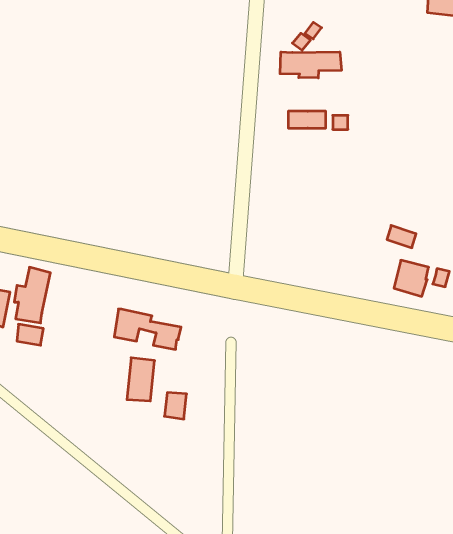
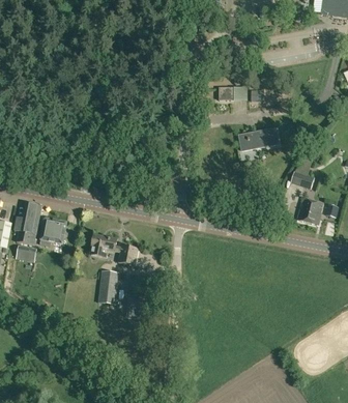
building: [280,52,341,78] -> none
building: none -> [239,128,279,150]
building: none -> [39,218,67,247]

